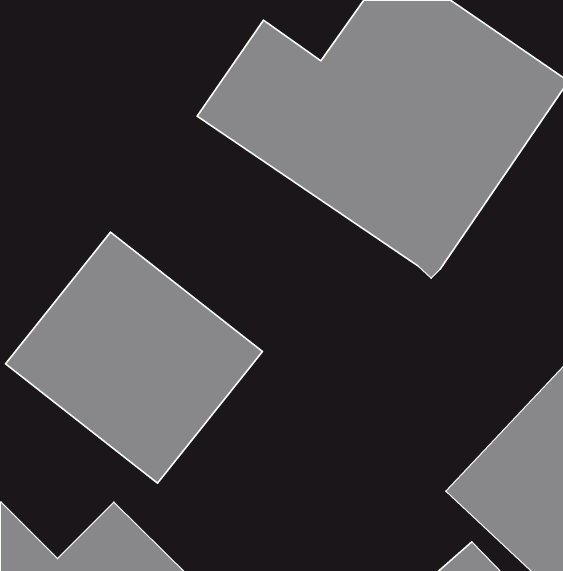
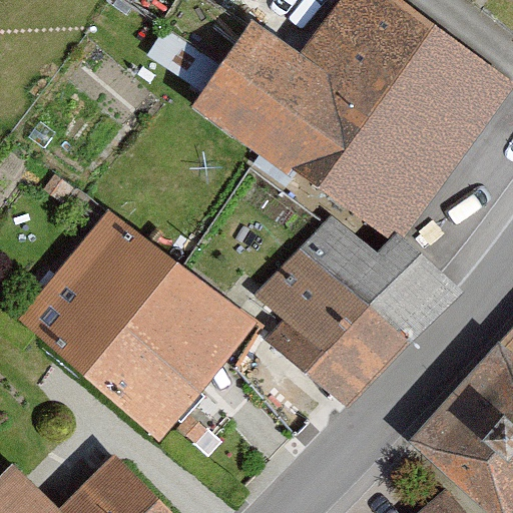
building: none -> [254,215,456,397]

